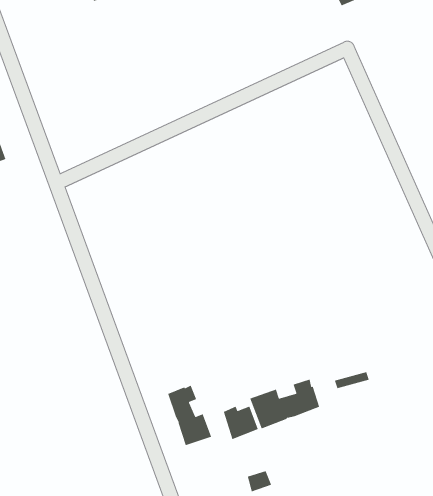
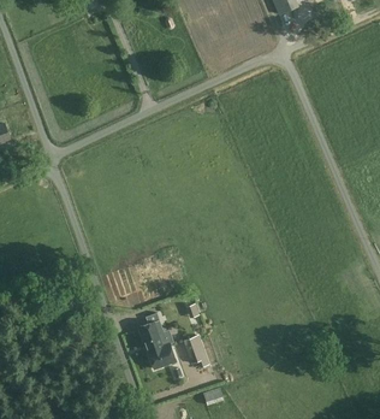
building: [249,378,320,430] -> none

